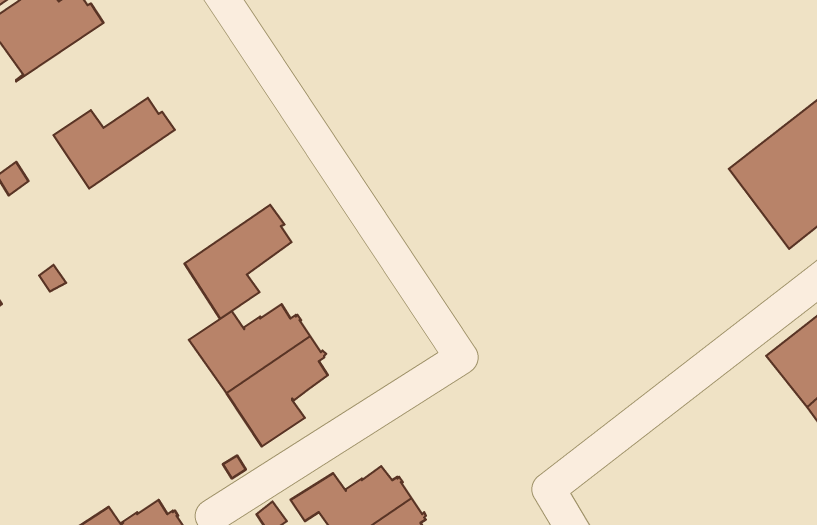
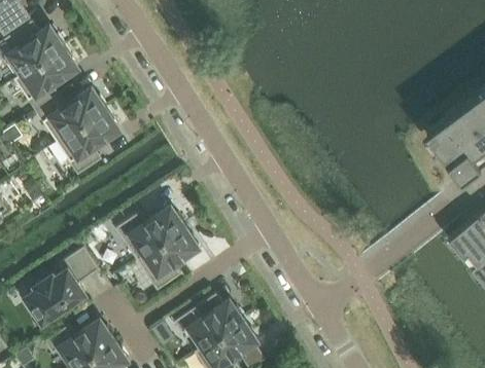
building: none -> [15,46,77,111]
building: [185,205,292,319] -> [58,108,119,174]
building: none -> [25,247,100,323]

